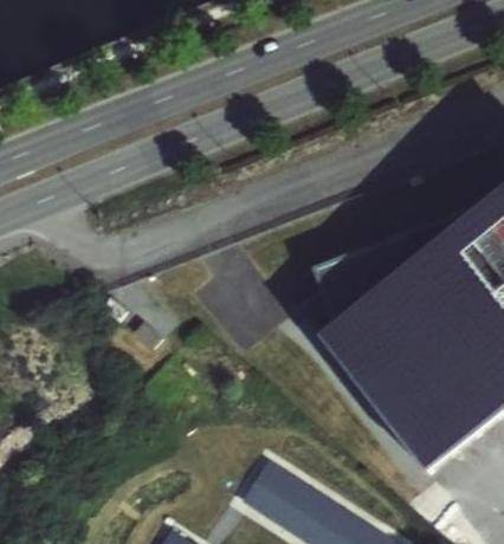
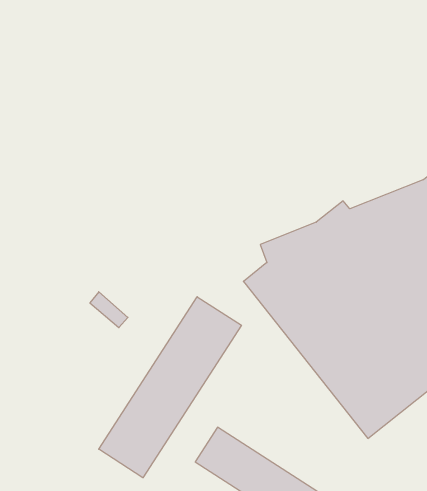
building: none -> [99,297,241,478]

